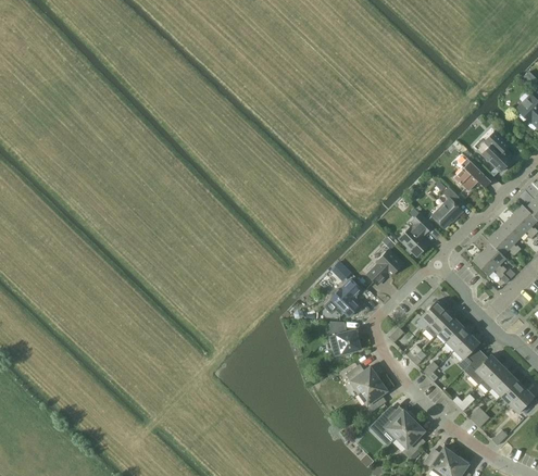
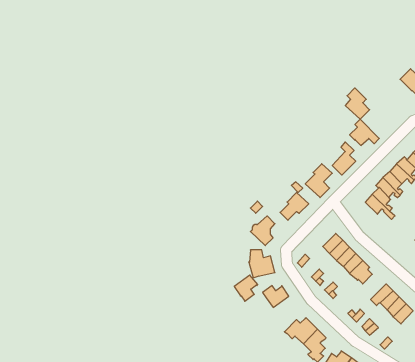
building: [483,131,513,171] -> [345,88,370,119]
building: [463,351,500,384] -> none
building: [359,378,388,411] -> [234,275,258,301]

